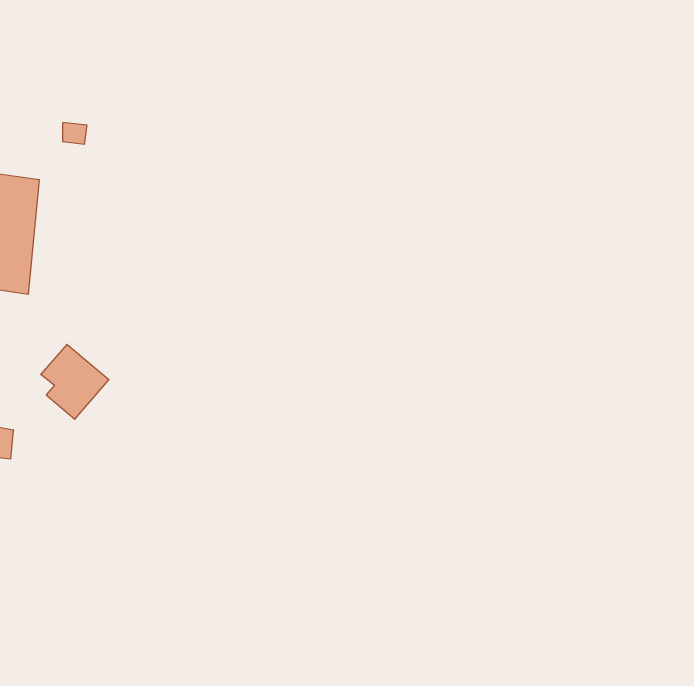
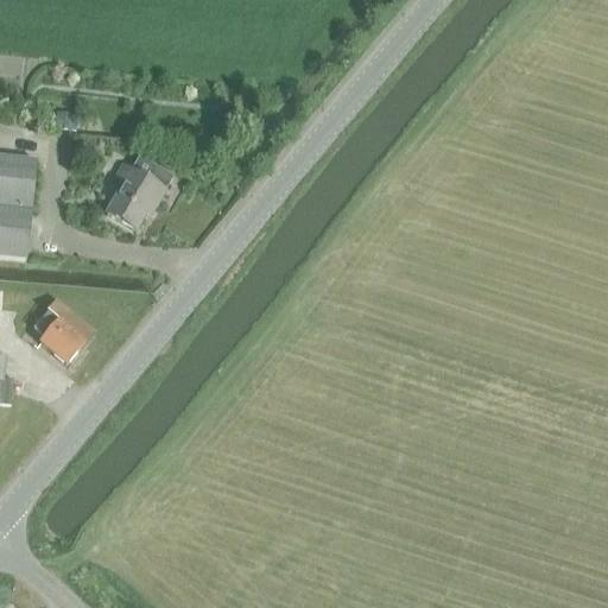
building: none -> [104,153,171,230]

